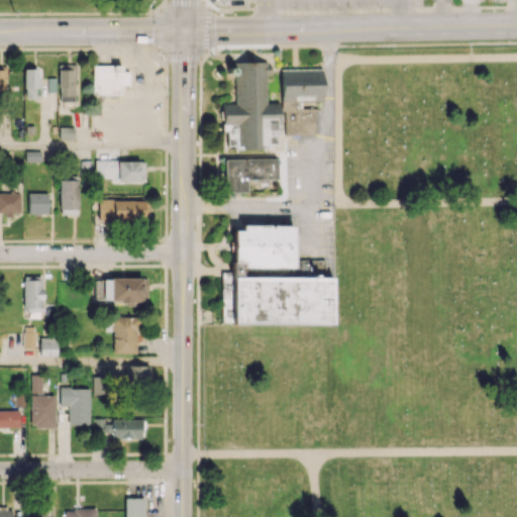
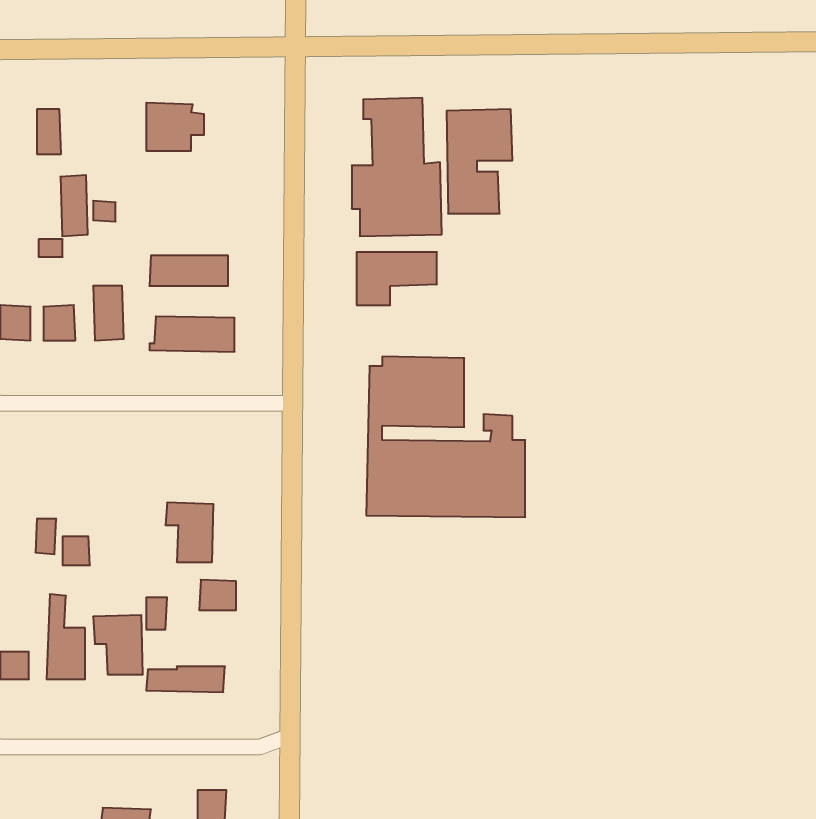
building: [61,65,78,103] -> [60,175,88,236]
building: [25,278,45,319] -> none
building: [96,278,148,303] -> none

